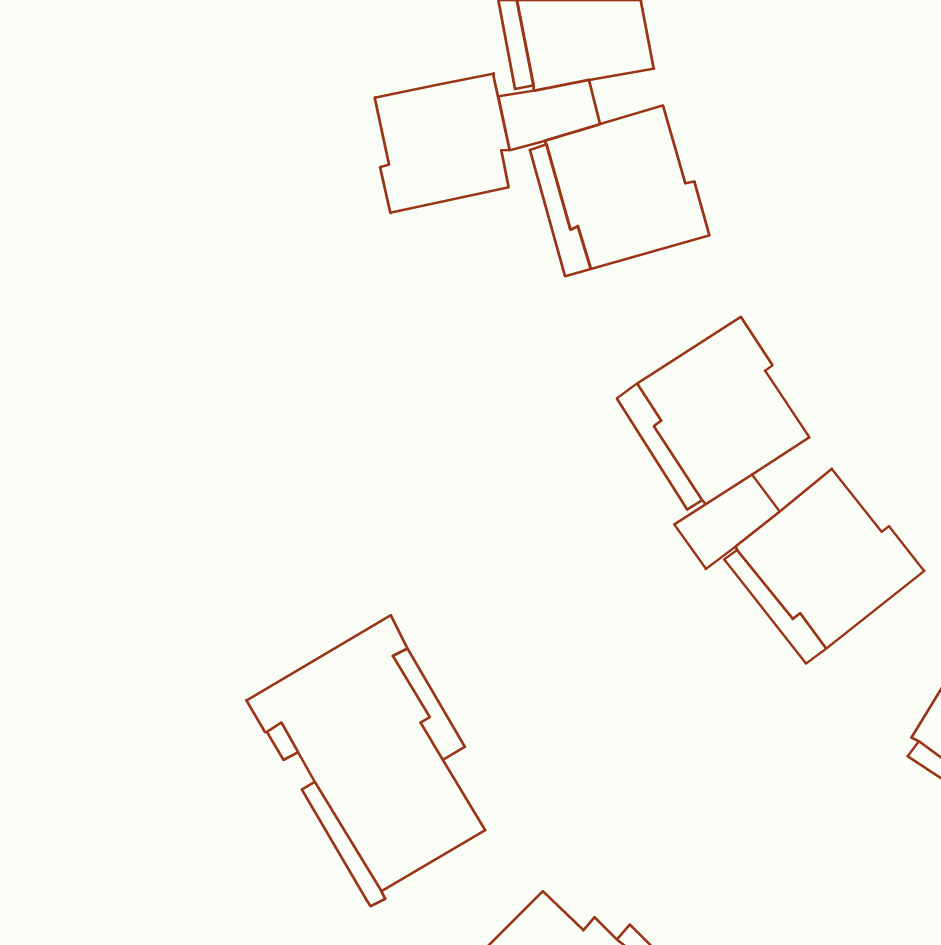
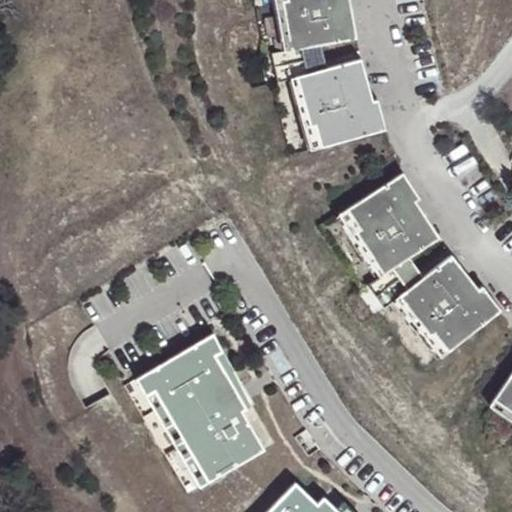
building: [375,73,509,213] -> none

